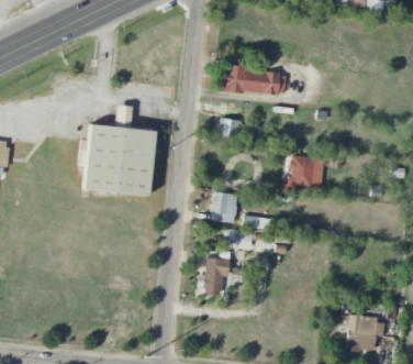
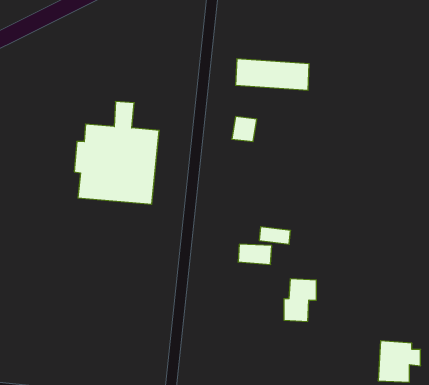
building: [289,155,323,187] -> none
building: [211,191,236,222] -> none
building: [200,257,228,295] -> [284,279,316,321]

